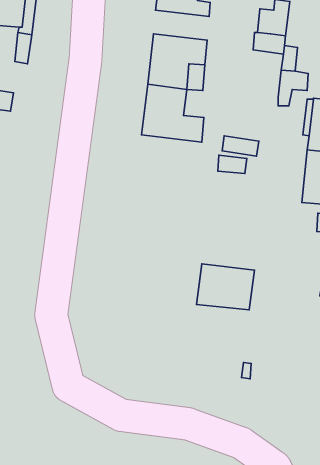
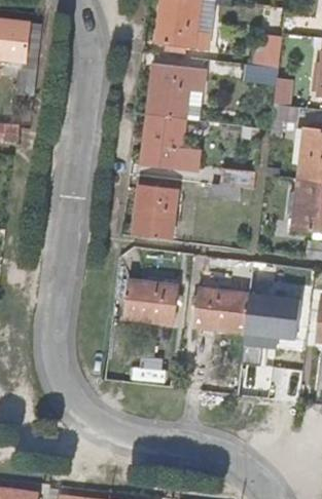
building: none -> [133,186,176,239]
building: none -> [123,278,177,323]
building: none -> [244,280,305,337]

